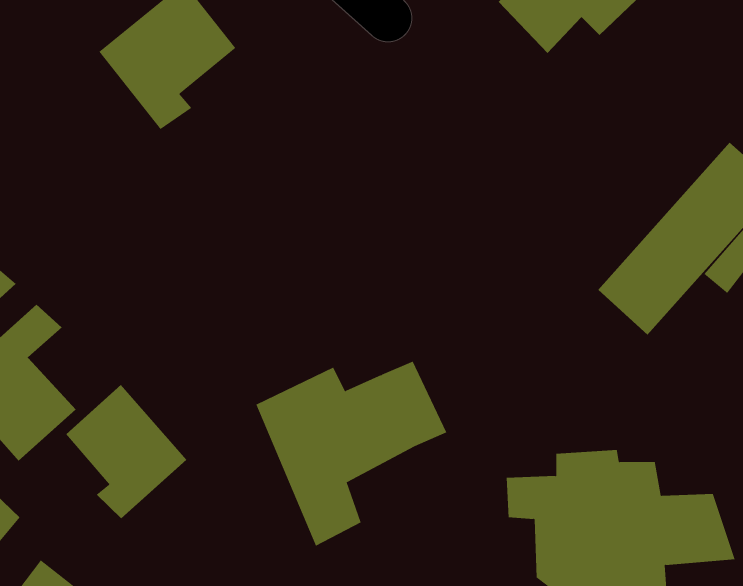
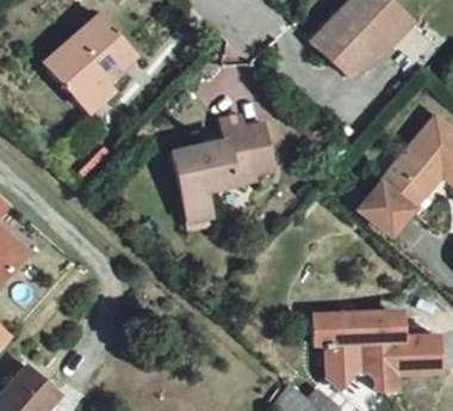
building: [256,361,447,547] -> [173,129,287,240]
building: [65,384,187,519] -> none

